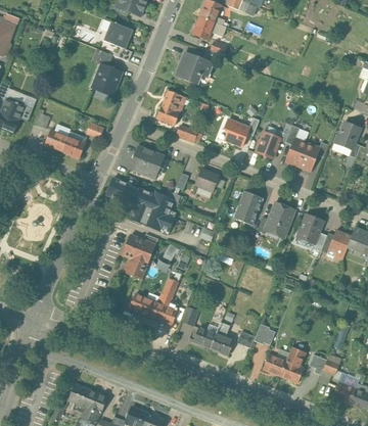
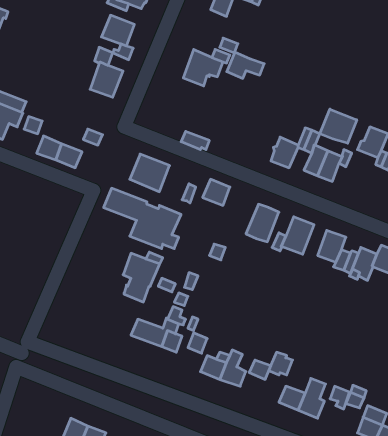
building: [194,16,228,40] -> [227,52,264,78]
building: [156,90,181,124] -> none
building: none -> [320,109,357,143]
building: [224,119,249,147] -> none

